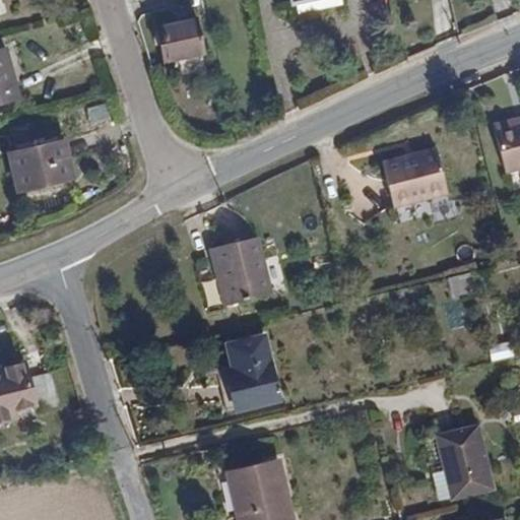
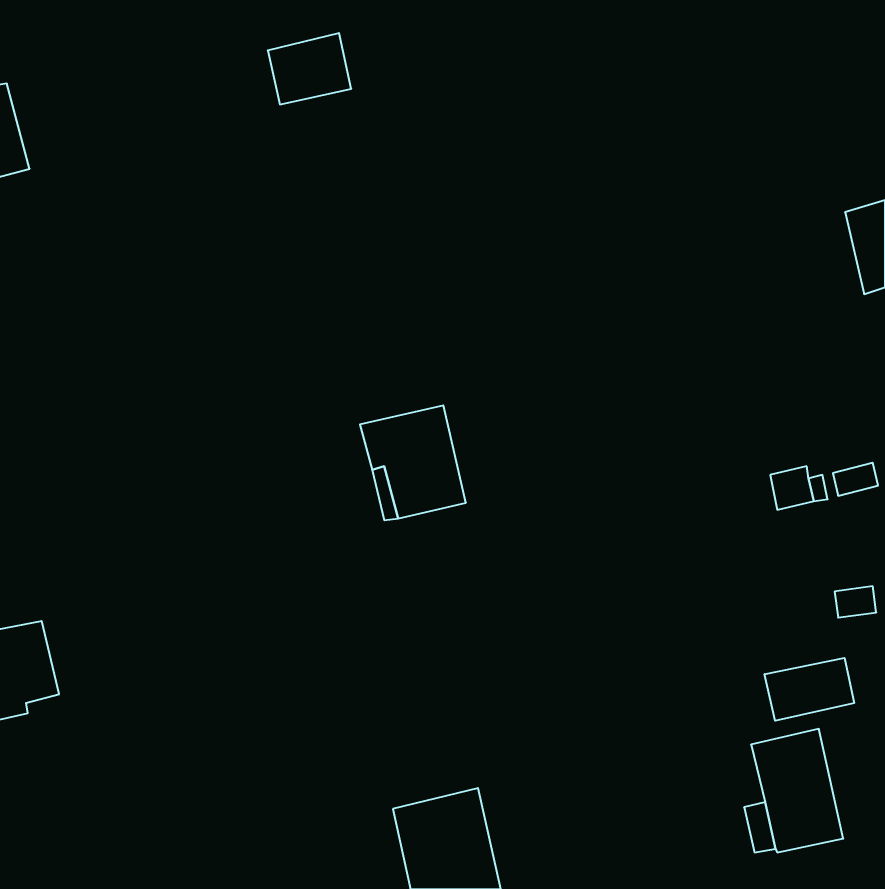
building: [9,140,73,190] -> none
building: [383,148,448,206] -> none
building: [220,336,280,414] -> none
building: none -> [765,658,854,721]

